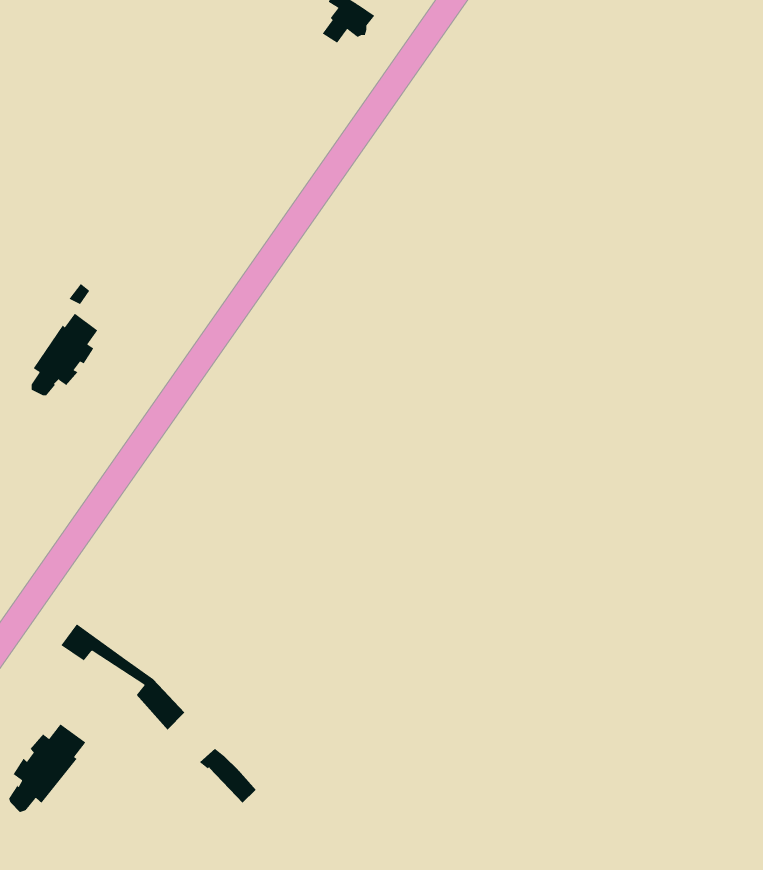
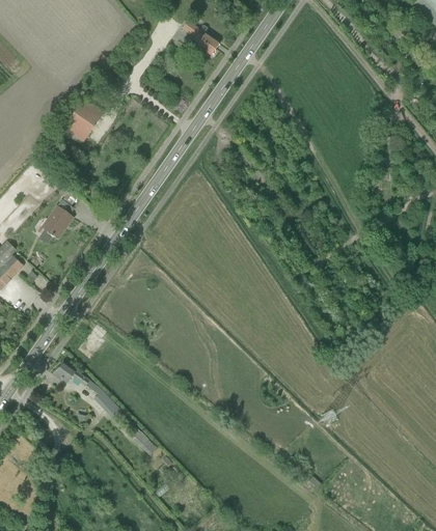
building: none -> [63,97,104,140]
building: [9,723,86,813] -> none

